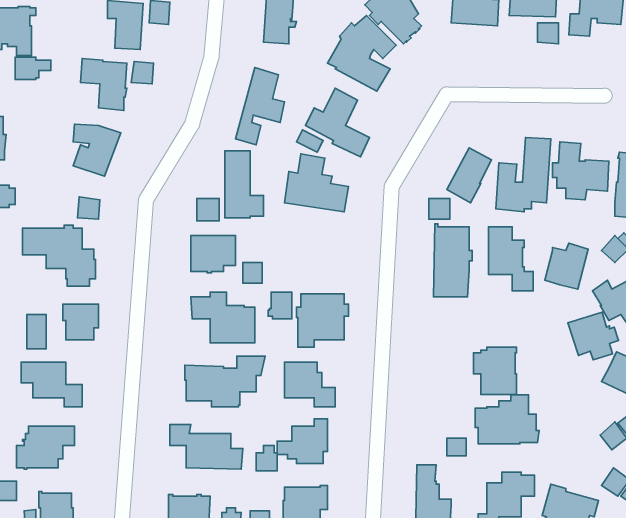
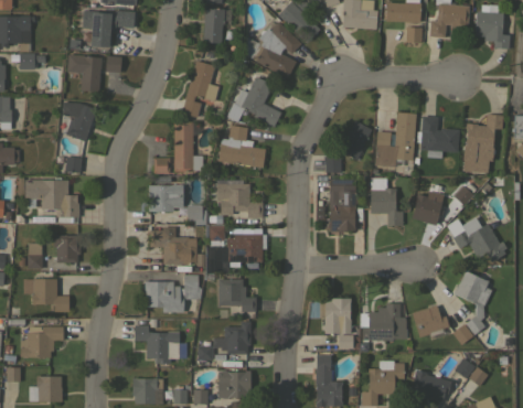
building: none -> [216,184,263,218]
building: [568,312,619,360] -> [412,305,449,341]
building: [473,347,517,395] -> [319,298,351,333]

